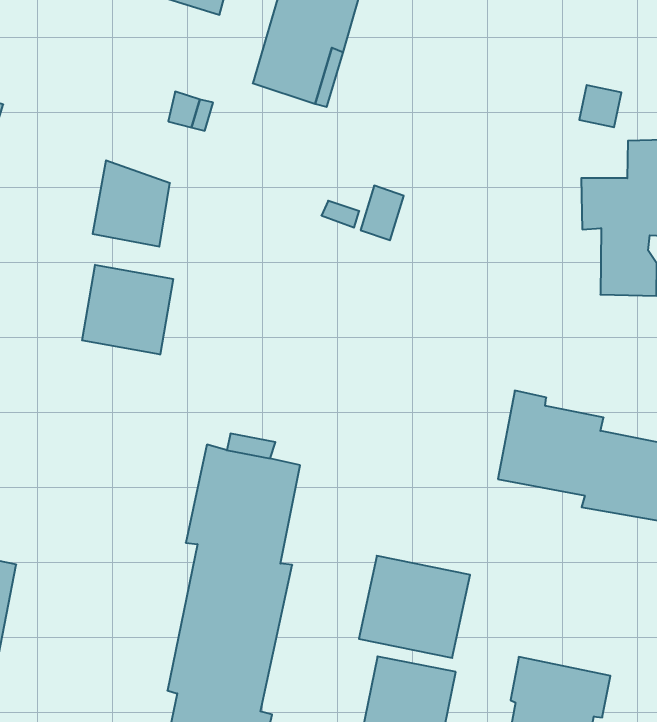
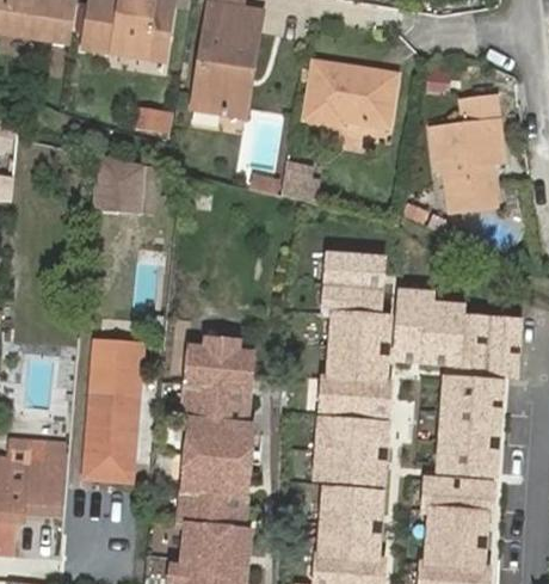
building: none -> [306,57,396,122]
building: [82,265,173,355] -> none
building: none -> [317,253,388,416]
building: none -> [81,342,146,488]
building: none -> [437,379,495,472]

